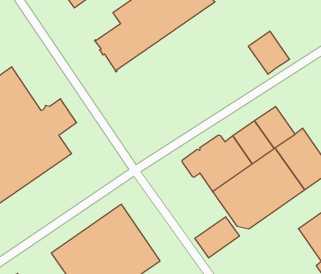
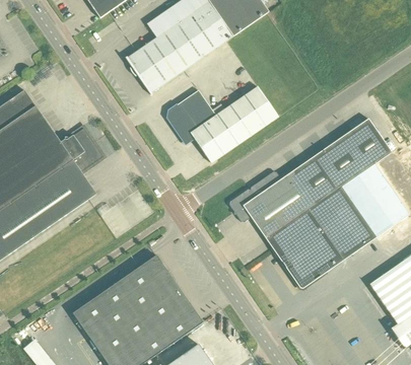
building: [248,31,290,74] -> [342,119,392,170]
building: none -> [167,86,283,163]
building: [195,217,239,258] -> none

